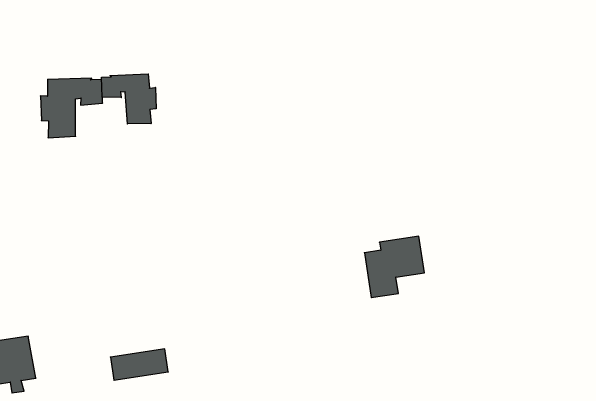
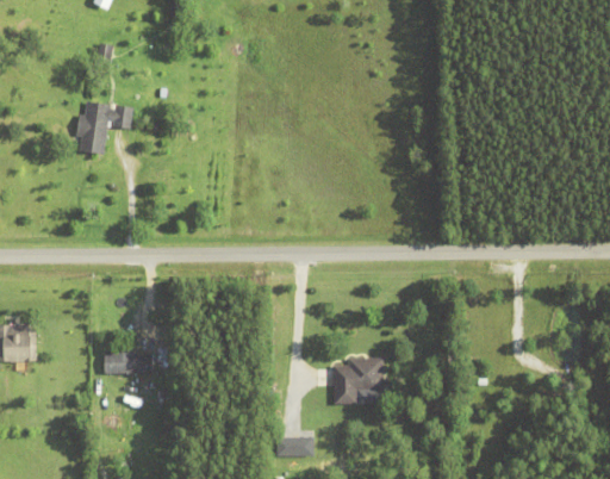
building: [102,74,156,124] -> none
building: [364,236,424,298] -> [334,360,382,406]

